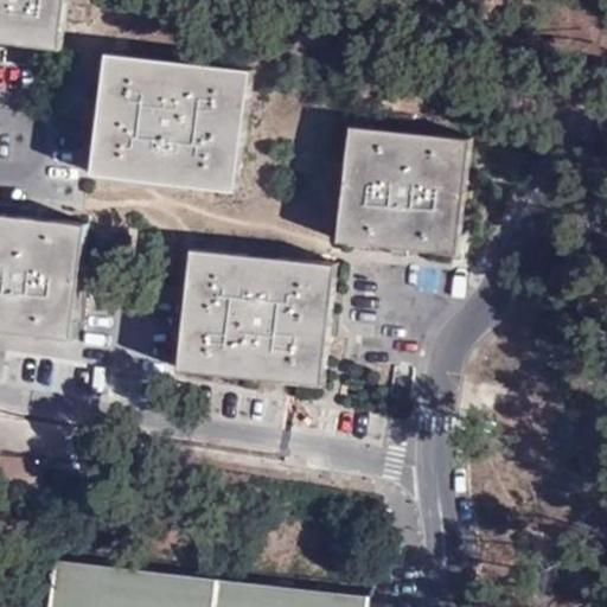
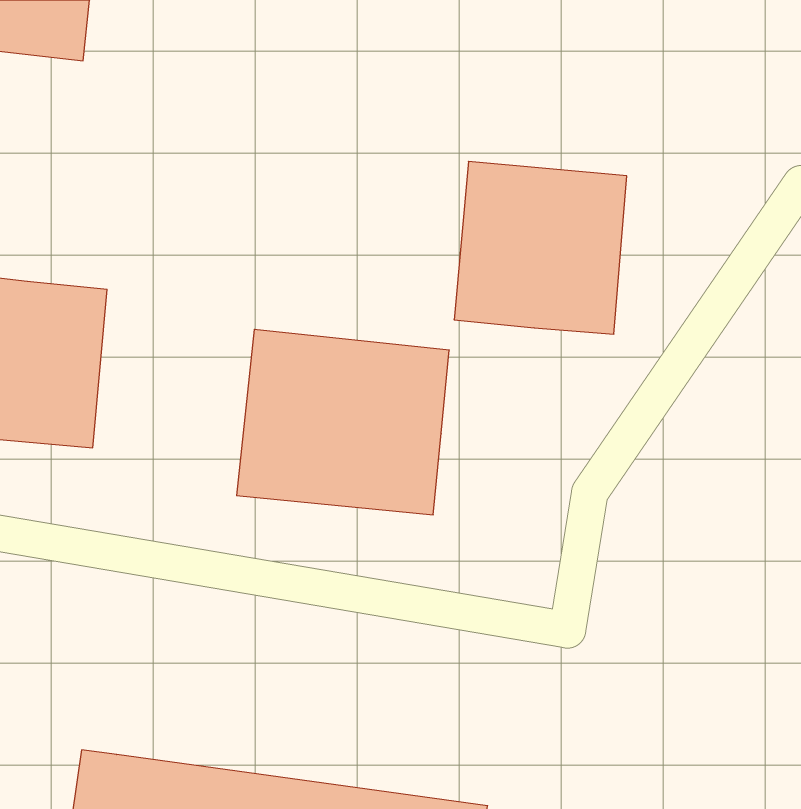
building: [88,53,244,187] -> none

